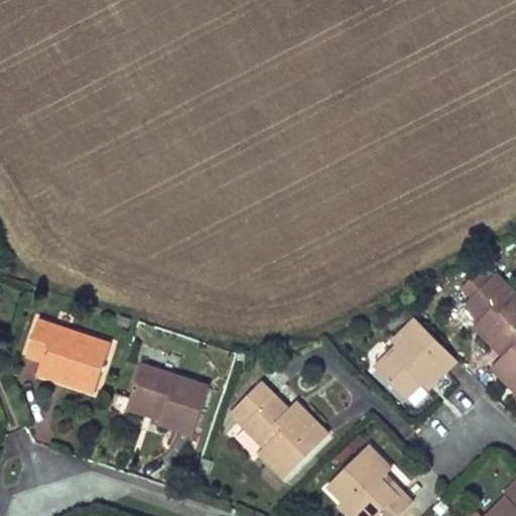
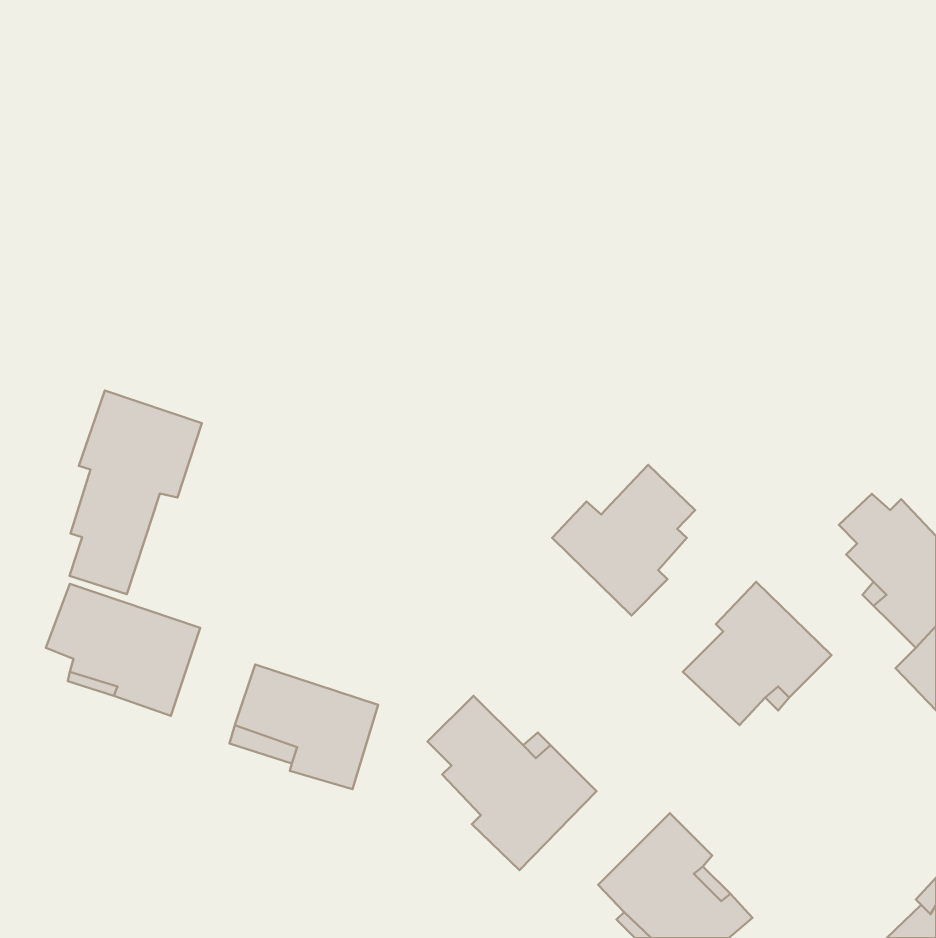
building: none -> [69,391,202,594]
building: none -> [552,465,695,615]

